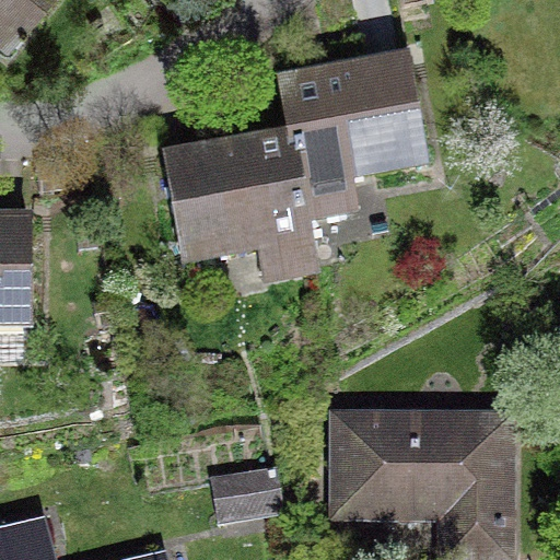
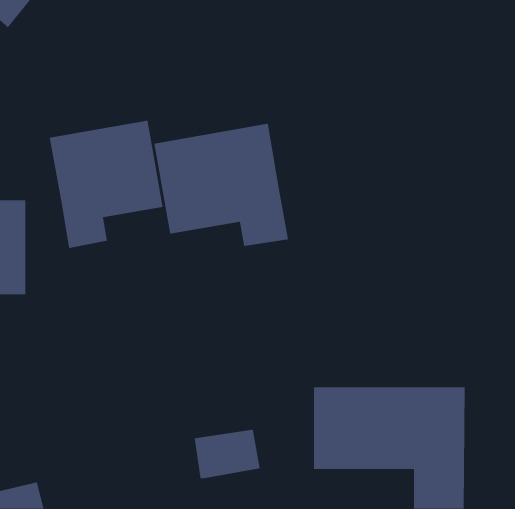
building: [281,58,422,206] -> none
building: none -> [49,120,163,249]

